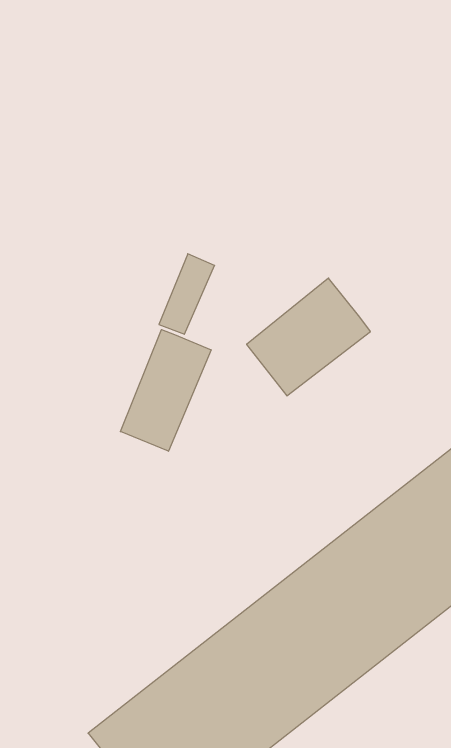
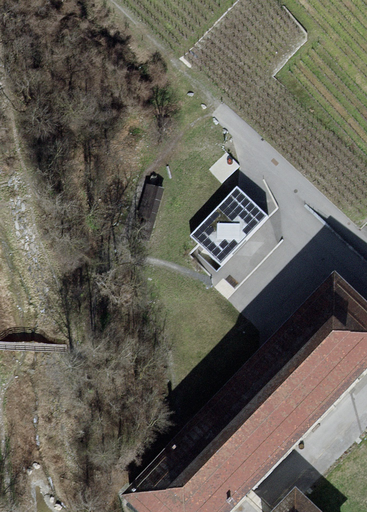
building: [120,330,211,451] -> none

